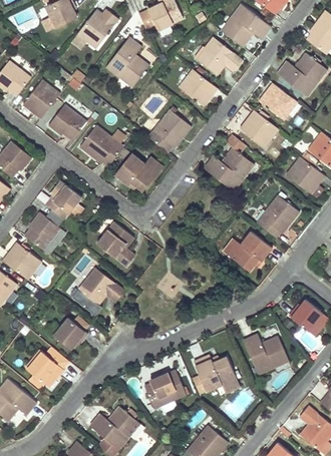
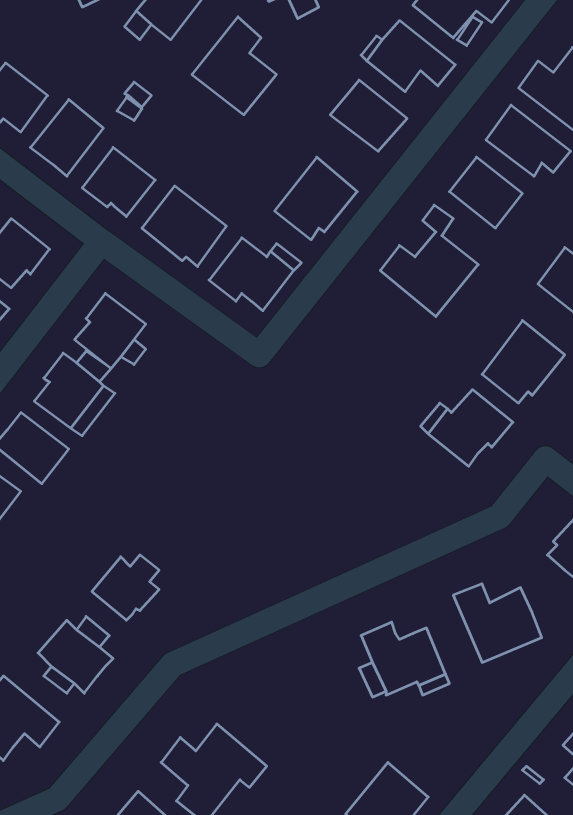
building: [95,221,132,267] -> none
building: [77,268,124,307] -> none
building: [144,368,187,407] -> none

